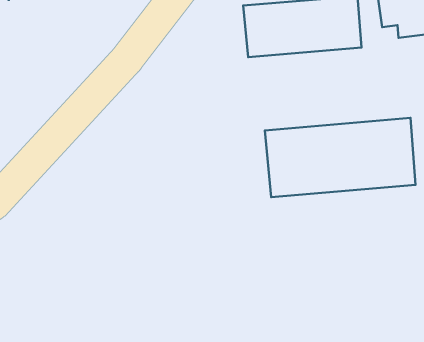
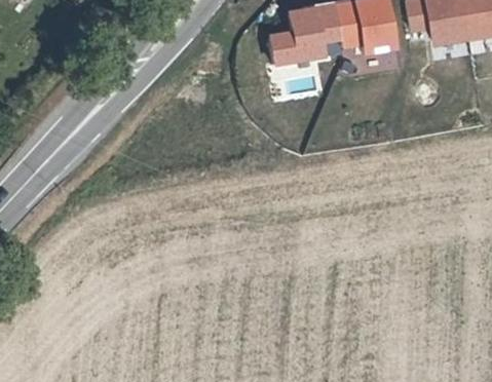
building: [265,118,416,197] -> none

